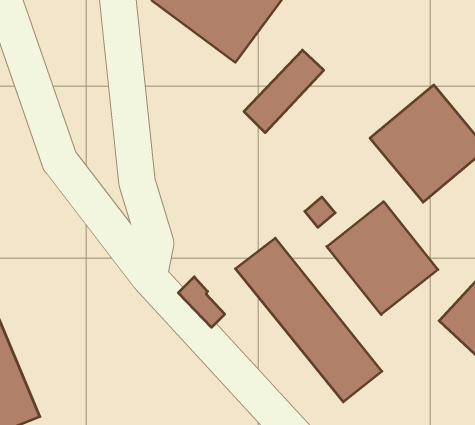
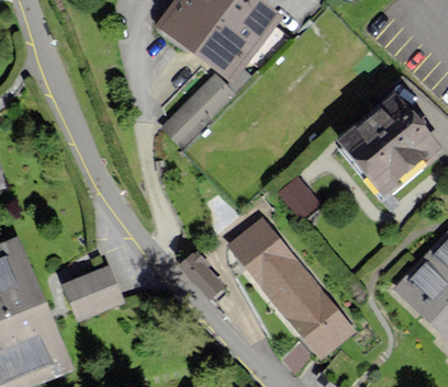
building: [244,50,324,133] -> [164,76,229,144]
building: [327,202,438,315] -> none
building: none -> [63,266,120,317]

